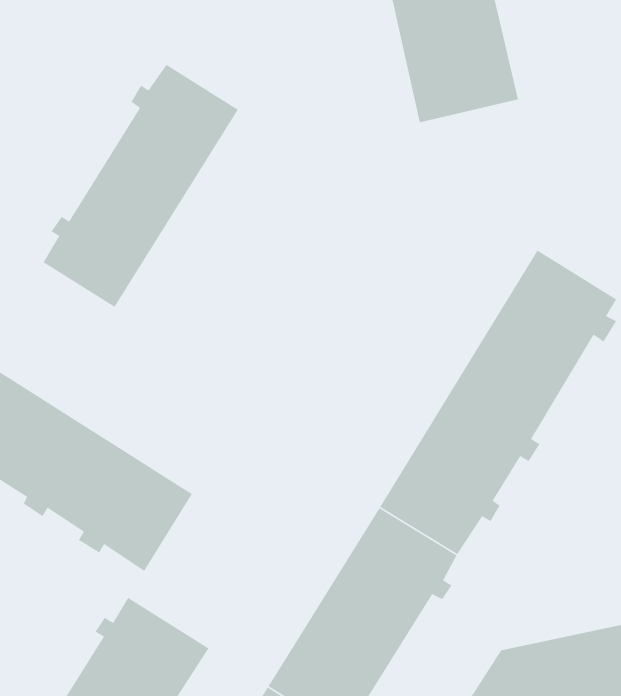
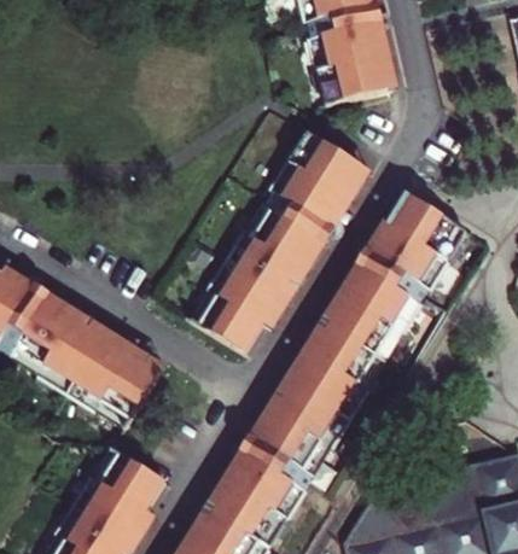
building: [42,64,239,308] -> none
building: none -> [191,129,368,354]

